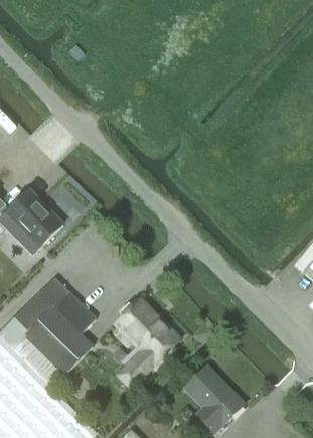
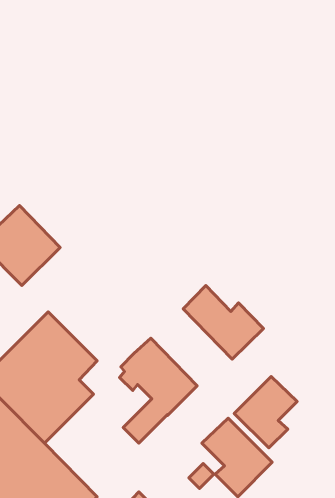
building: none -> [183,286,264,359]
building: none -> [234,376,297,448]

